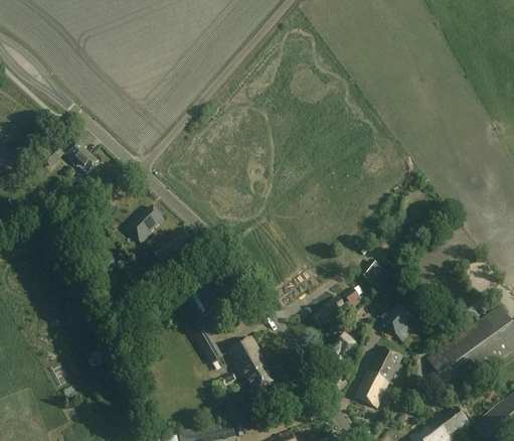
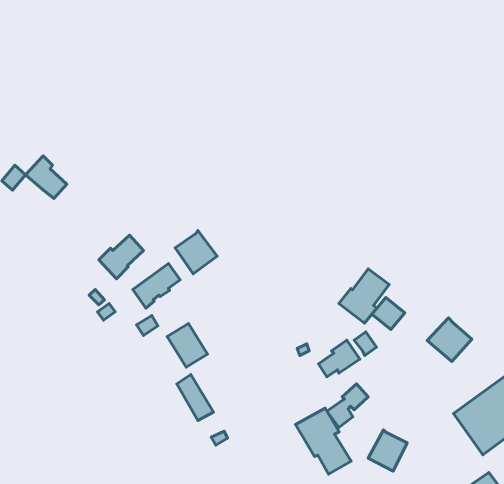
building: none -> [175,231,217,274]
building: none -> [339,269,389,323]
building: [381,303,419,340] -> [427,318,472,362]
building: [226,336,274,393] -> [296,408,351,474]
building: [370,346,402,383] -> none

